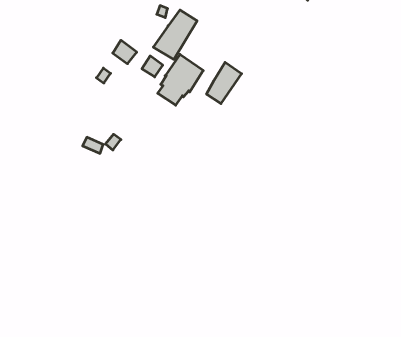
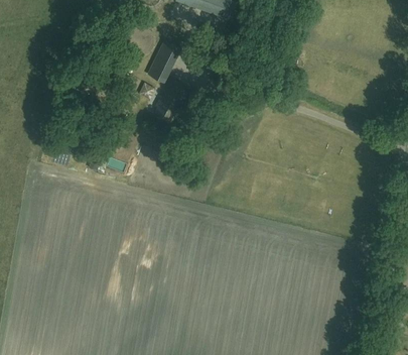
building: [207,62,242,104] -> none

